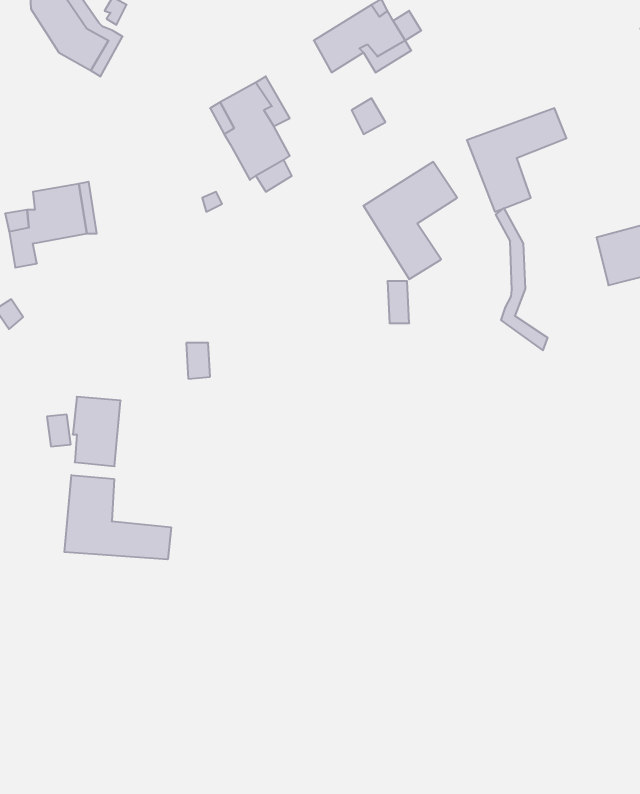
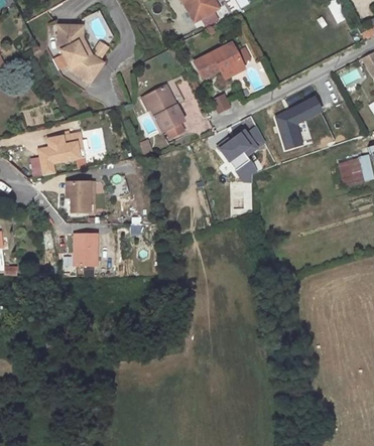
building: [496,208,547,350] -> none
building: none -> [70,186,97,219]
building: [64,475,171,559] -> none

